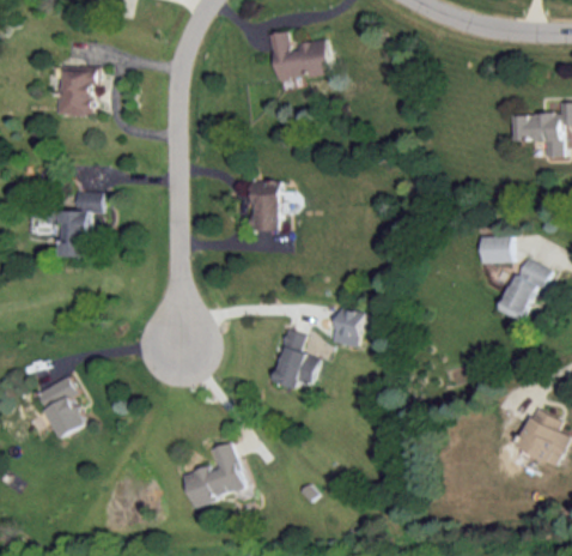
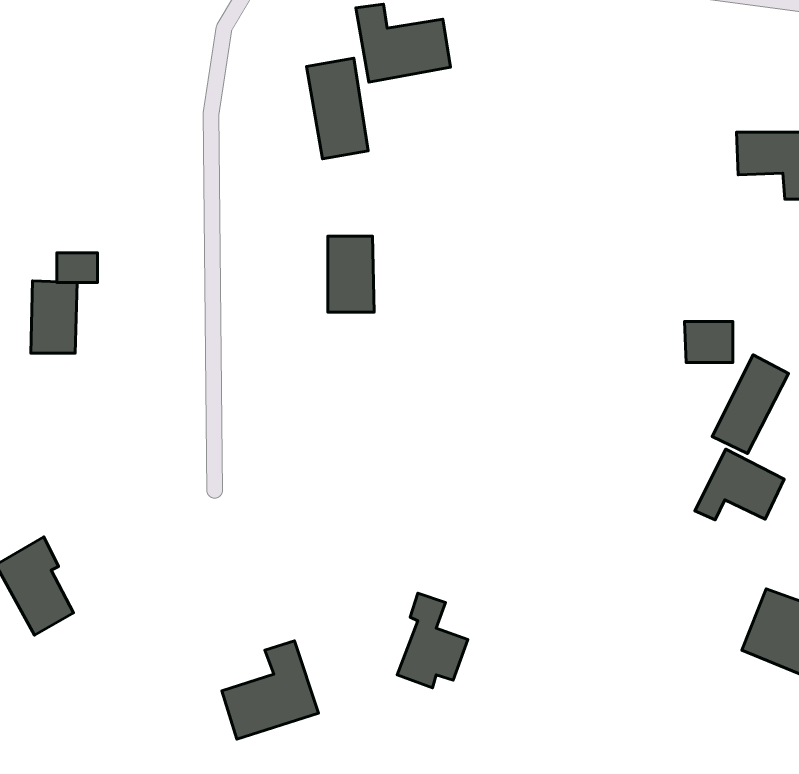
building: [55,66,95,115] -> none
building: none -> [306,58,368,159]
building: [330,307,363,348] -> none
building: none -> [695,449,784,520]
building: [273,328,318,389] -> [397,593,468,688]

